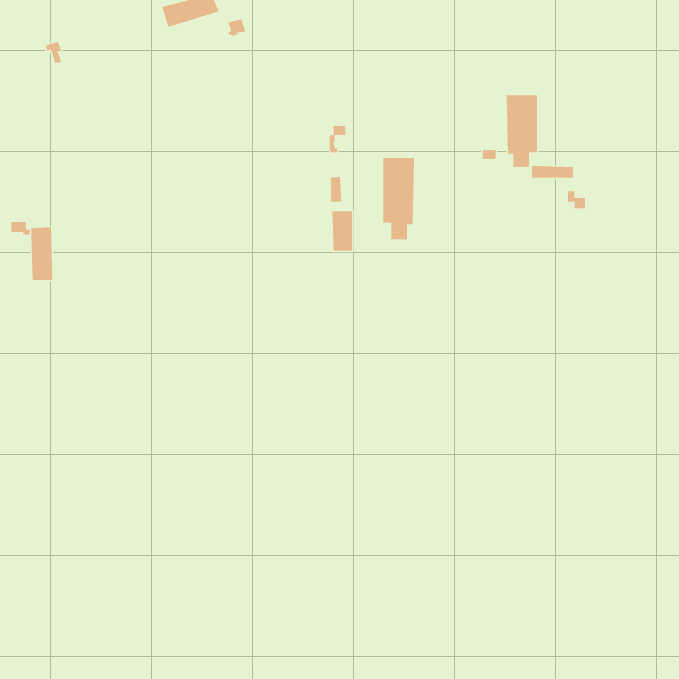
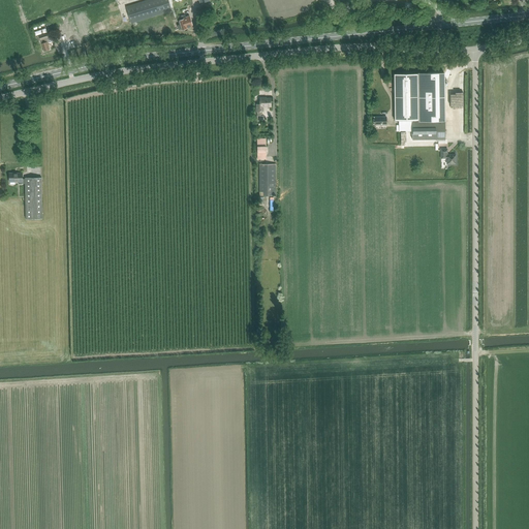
building: none -> [416,71,443,120]
building: [382,157,415,240] -> none

